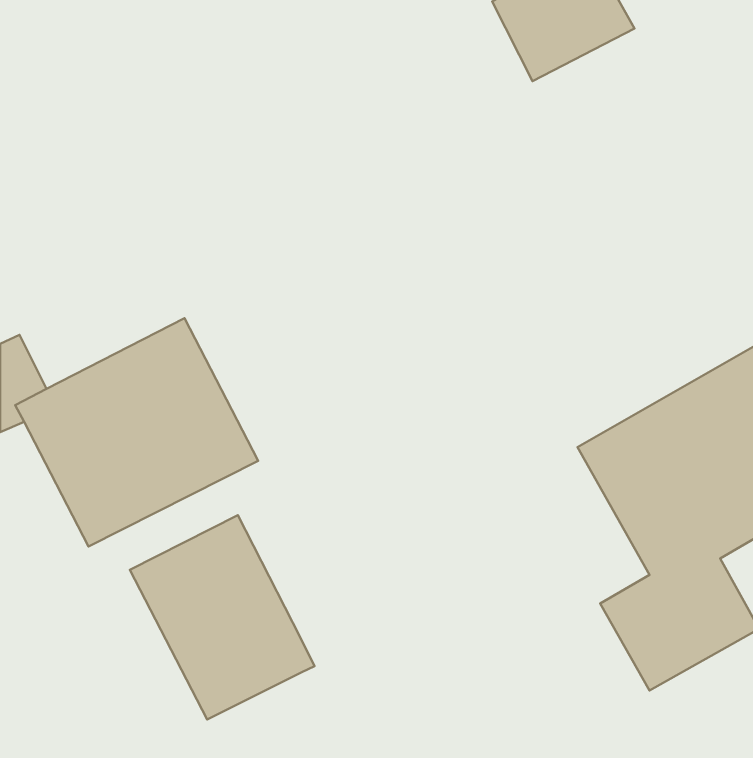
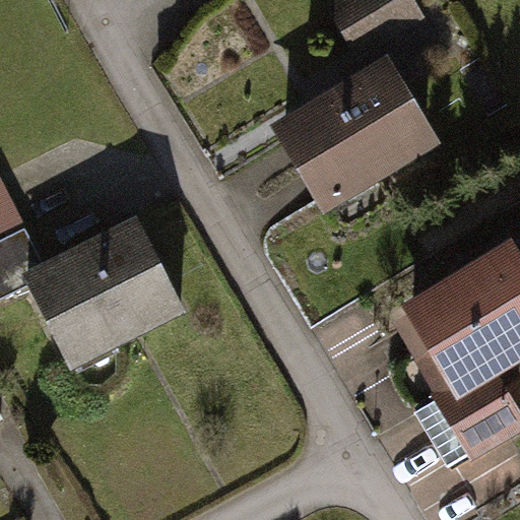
building: none -> [270,54,443,215]
building: [130,515,314,720] -> none

